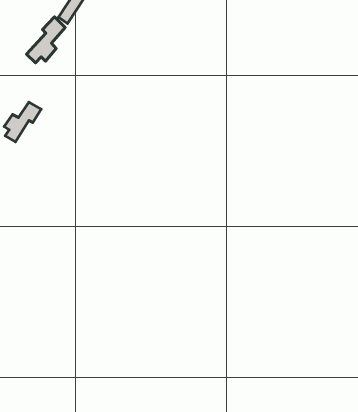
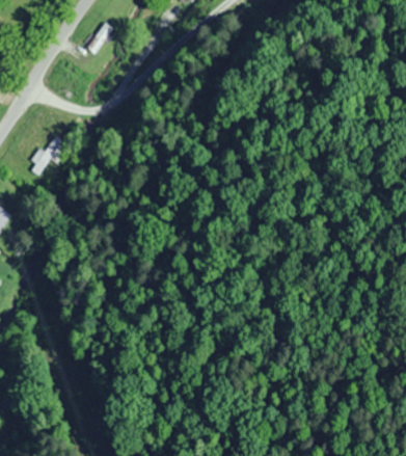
building: [27,17,65,63] -> none

